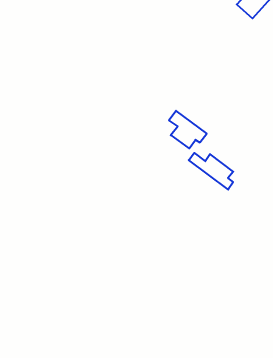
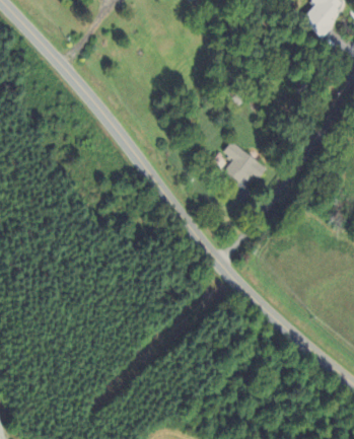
building: [189,153,233,190] -> none

